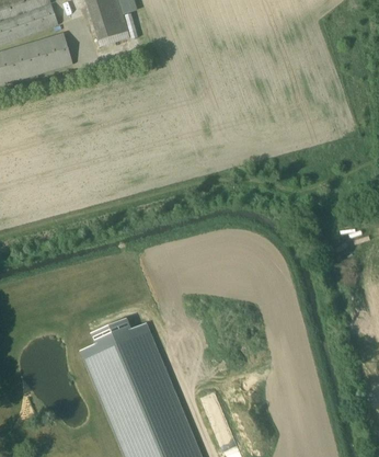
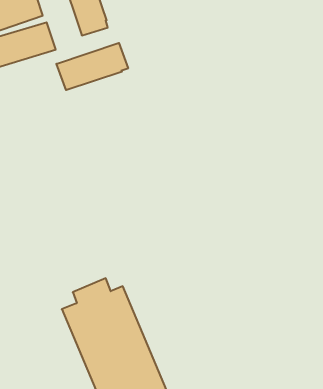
building: none -> [56,43,128,90]

